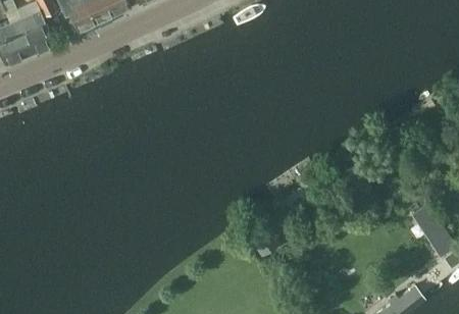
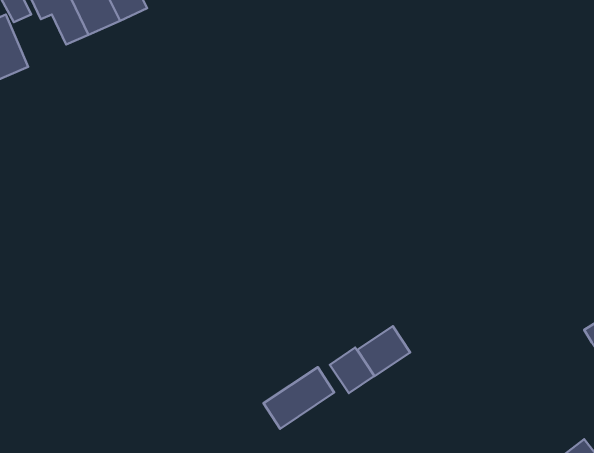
building: none -> [357,326,410,376]
building: none -> [263,367,334,429]

